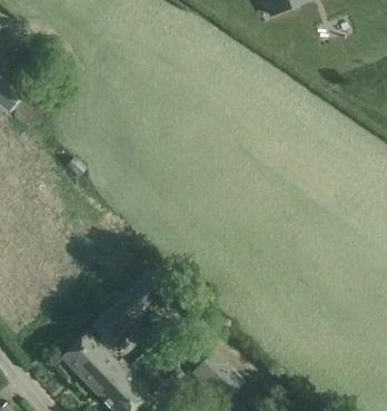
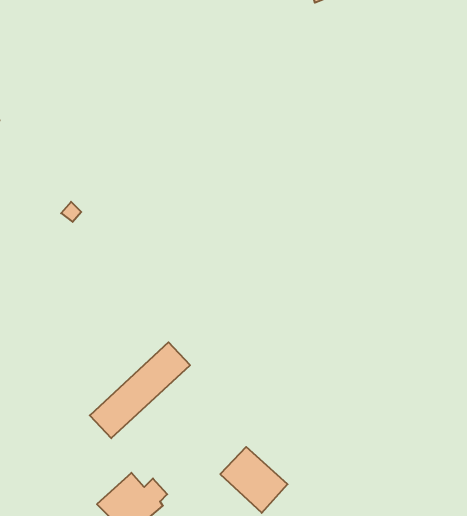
building: [61,332,125,395] -> none

